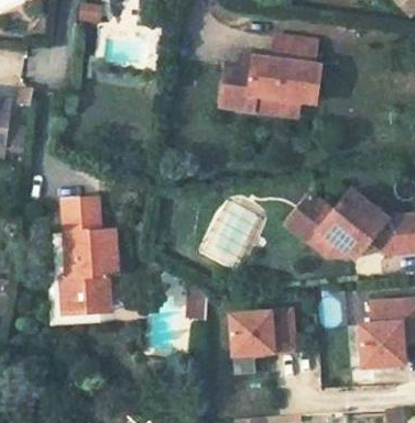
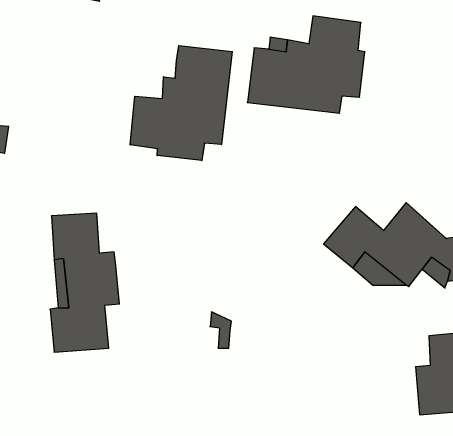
building: none -> [130,46,232,161]
building: [230,311,295,357] -> none

